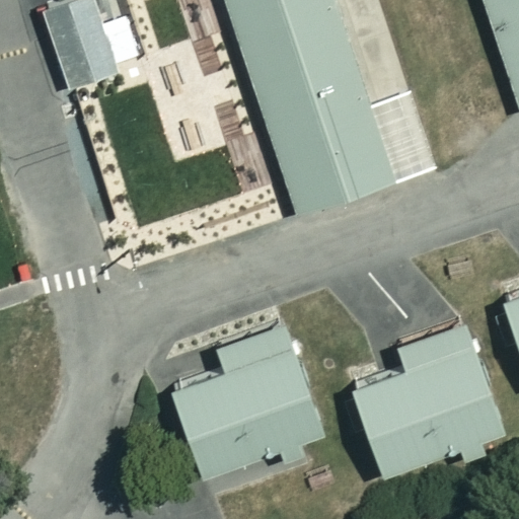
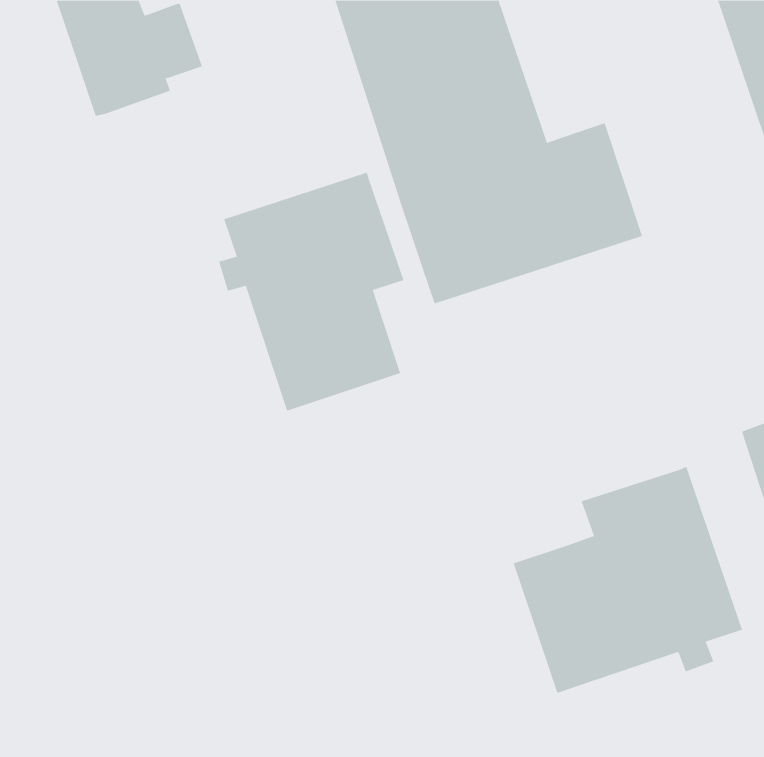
building: none -> [218,172,404,411]
building: [170,325,324,477] -> none

